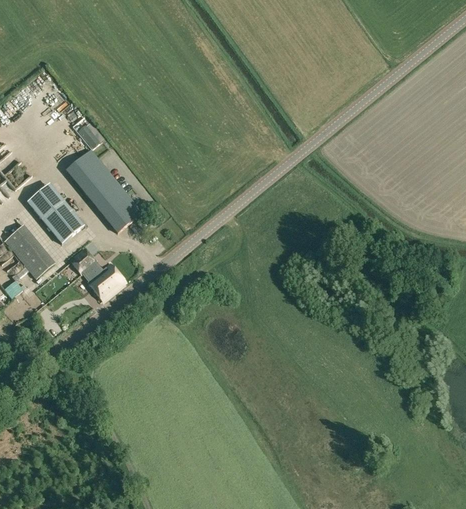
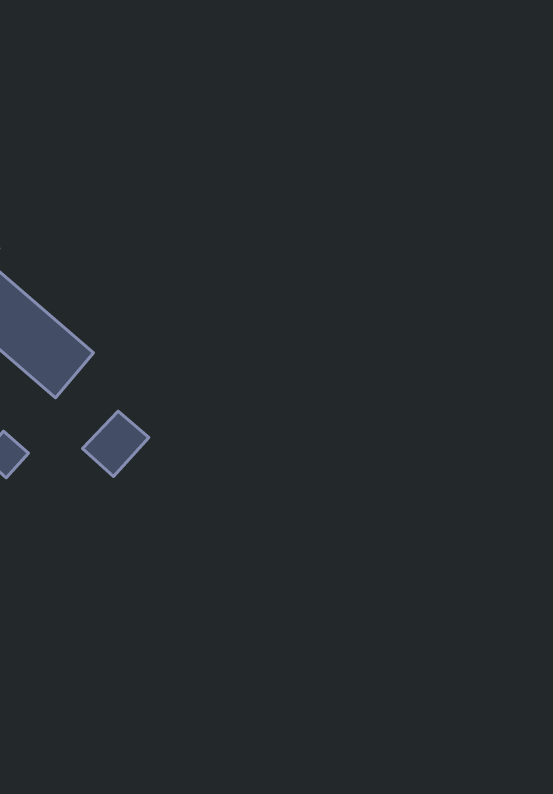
building: [87,263,126,300] -> [83,411,149,477]

